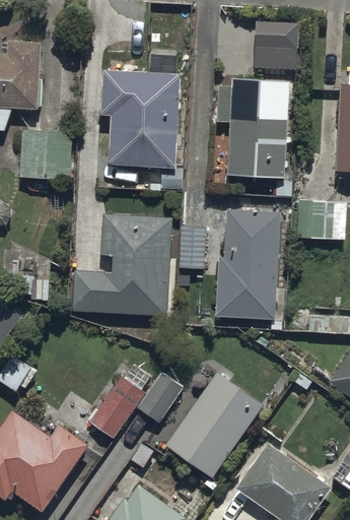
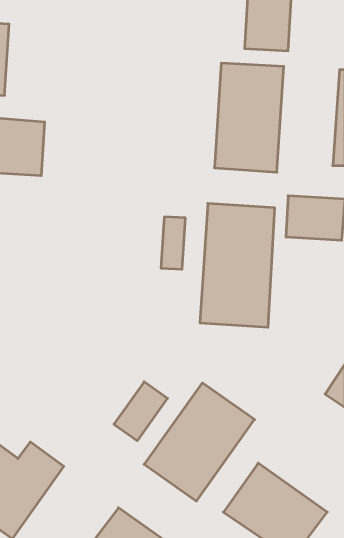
building: [98,72,182,171] -> none
building: [72,214,173,316] -> none
building: [87,378,142,438] -> none

